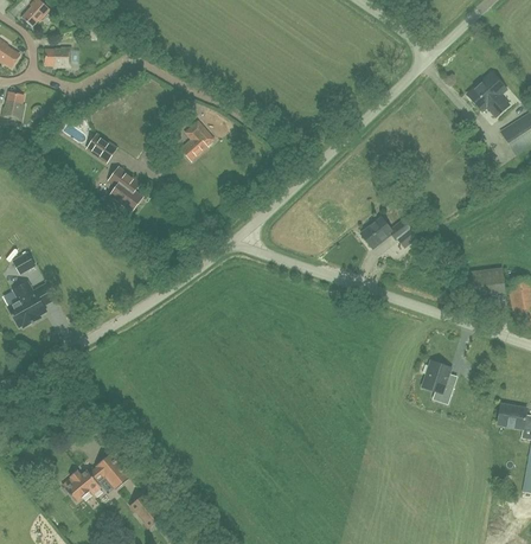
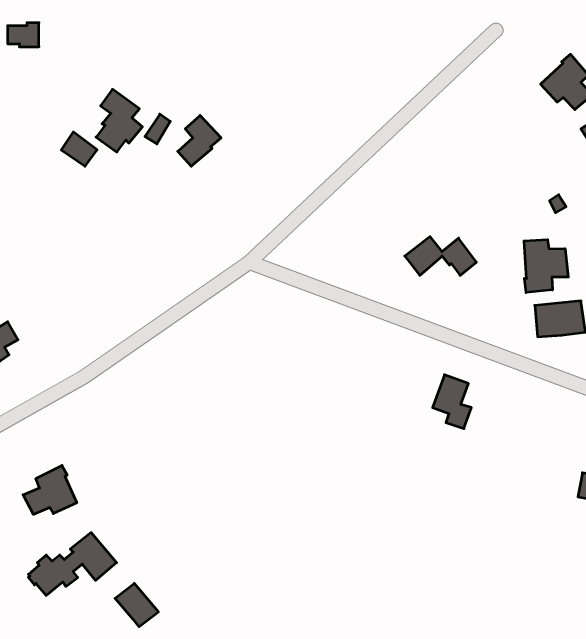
building: [105,167,142,217] -> [96,89,142,152]
building: none -> [524,240,568,293]
building: [422,360,453,403] -> [433,375,471,429]
building: none -> [23,465,77,514]

